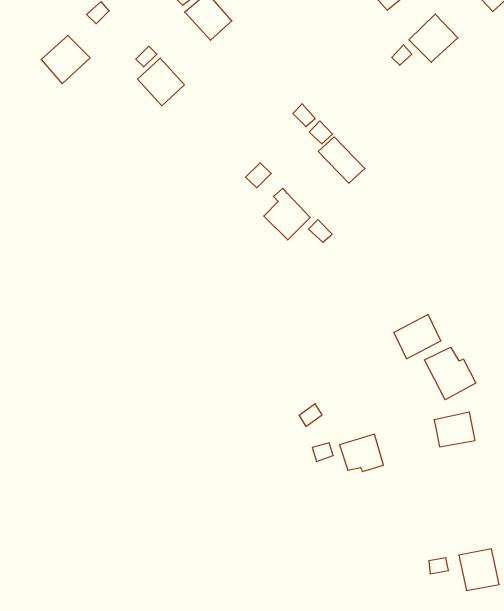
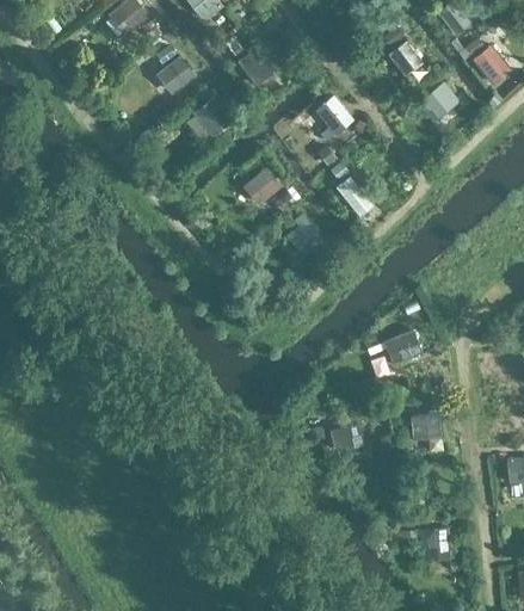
building: [41,35,90,84] -> [155,56,196,95]
building: none -> [314,95,353,132]
building: none -> [242,168,282,206]
building: [424,347,476,400] -> none

